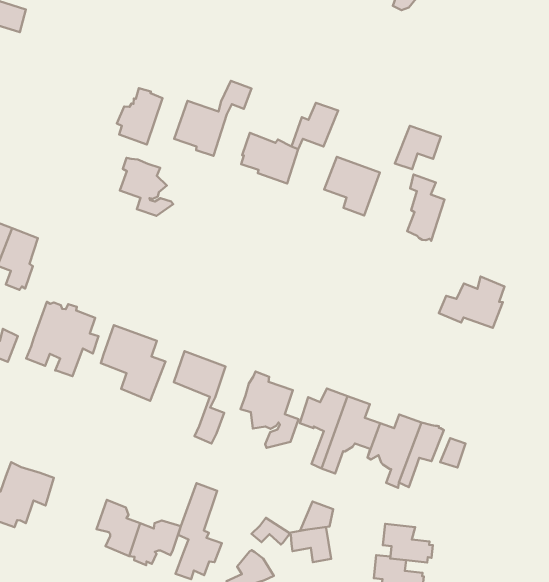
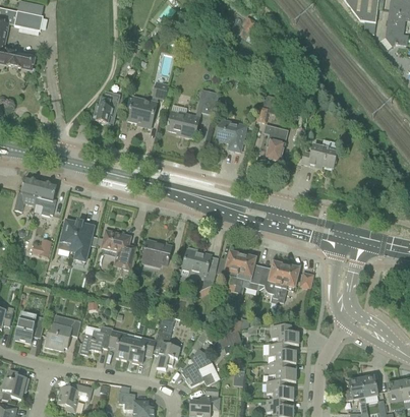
building: [120,158,173,216] -> none
building: [439,277,505,328] -> [301,138,337,167]
building: none -> [79,324,112,354]

